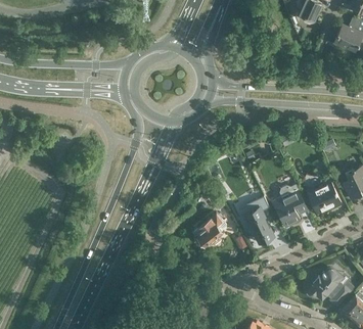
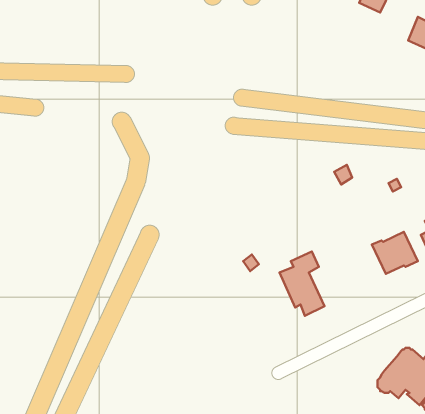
building: [272,185,307,228] -> none
building: [191,213,226,244] -> none

